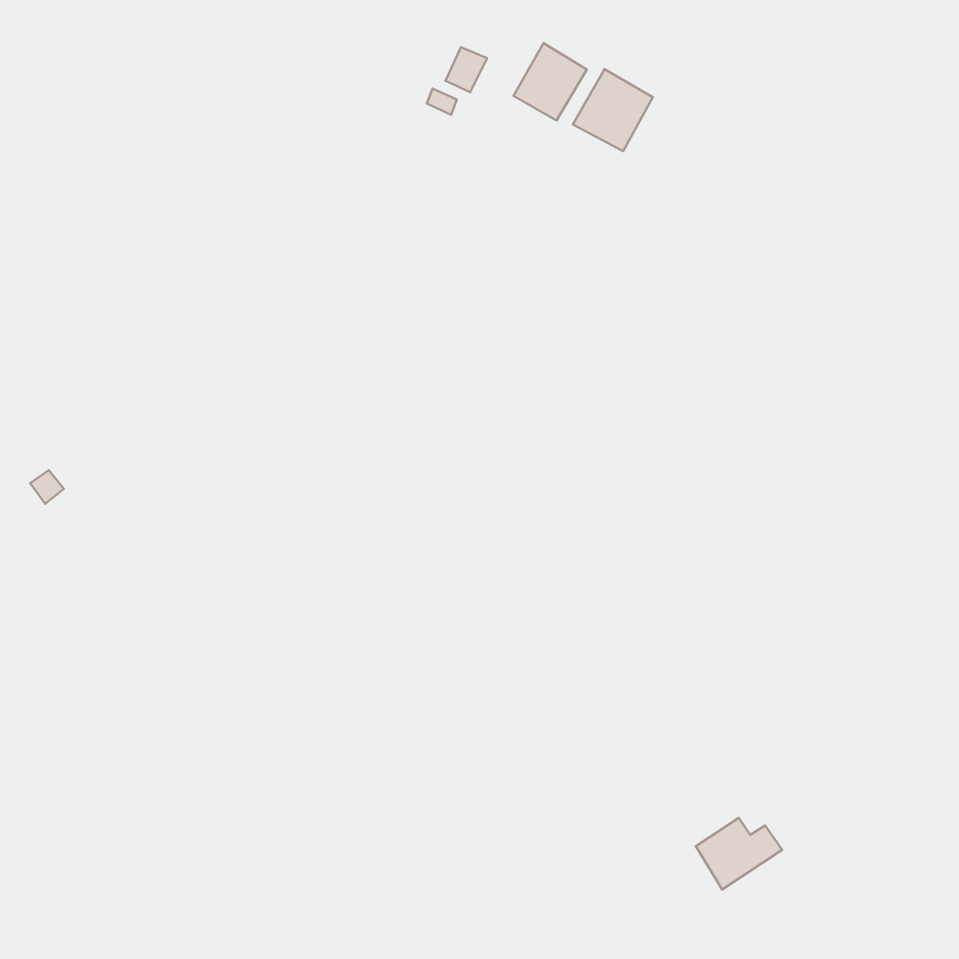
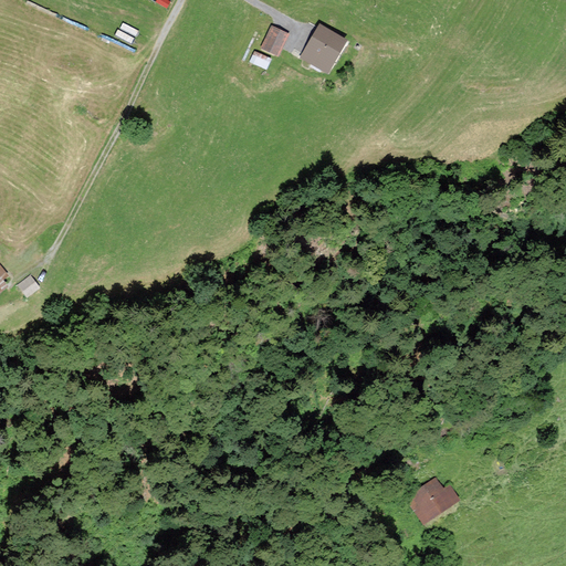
building: [573,69,653,151] -> none

